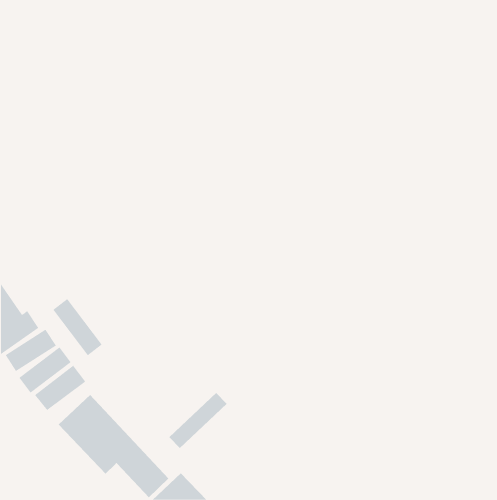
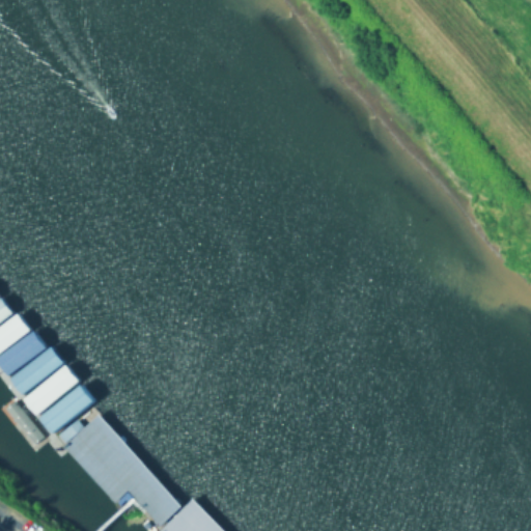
building: [52,298,103,356] -> none
building: [168,392,227,449] -> none

